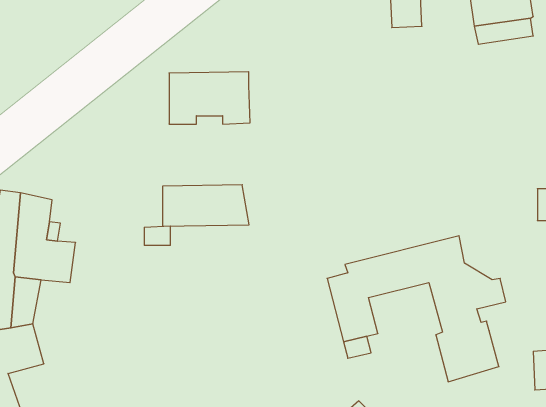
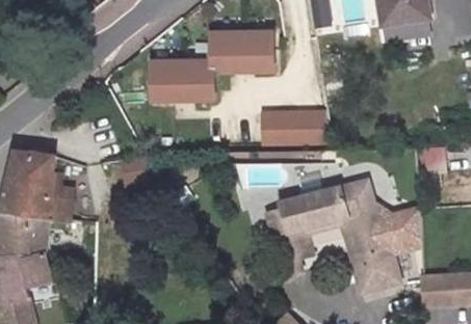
building: none -> [209,30,270,70]
building: [163,185,249,226] -> [259,115,324,146]
building: none -> [382,210,422,254]

